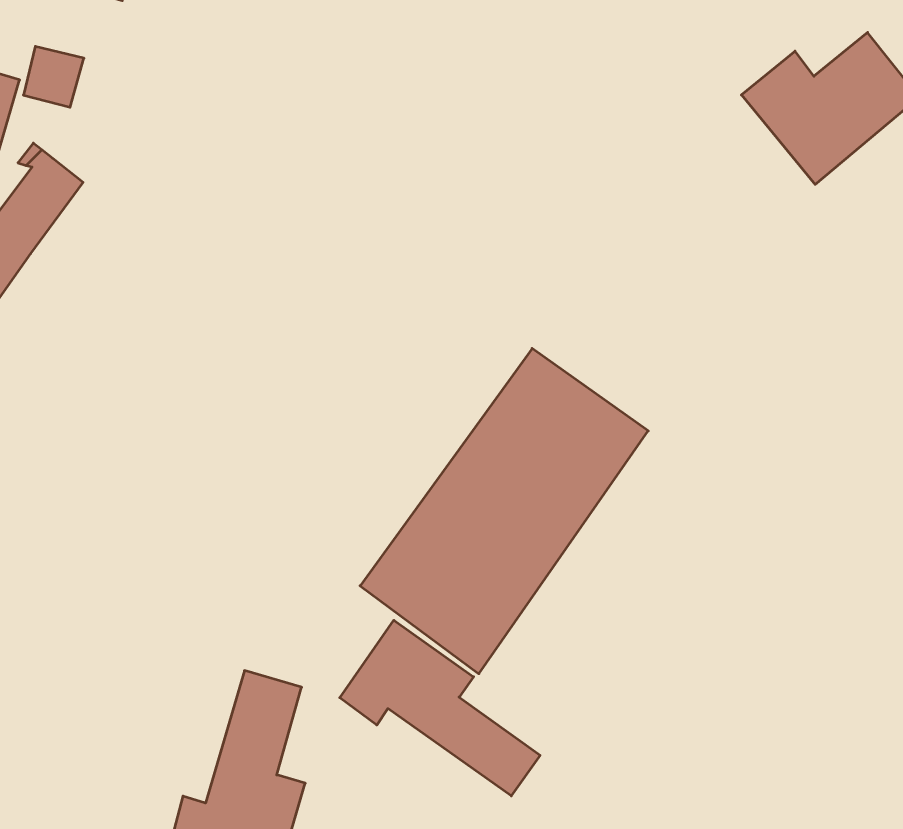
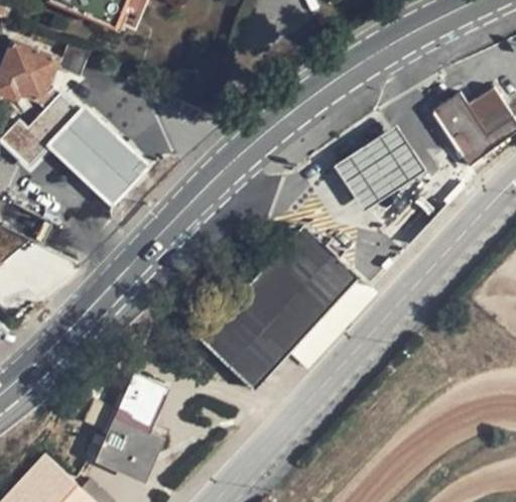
building: none -> [327,114,423,208]
building: none -> [52,112,151,209]
building: [340,620,540,796] -> none

